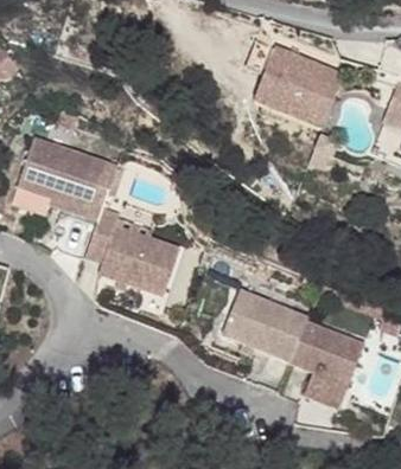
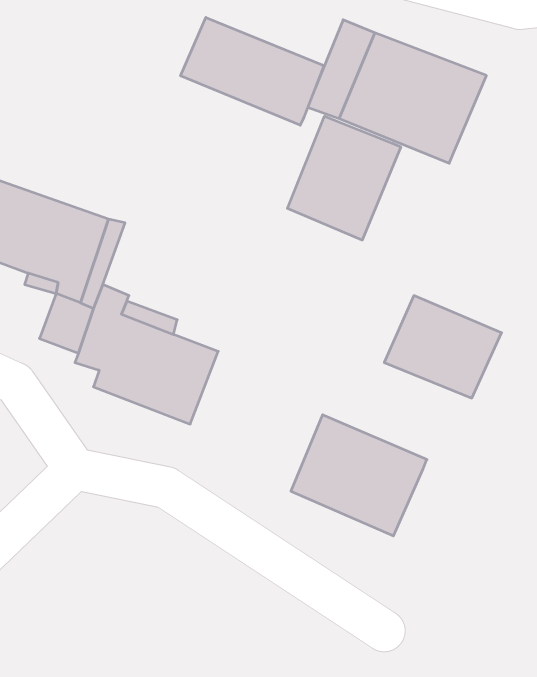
building: none -> [181,17,324,125]
building: none -> [287,116,401,240]
building: [287,325,362,390] -> [384,296,502,398]

